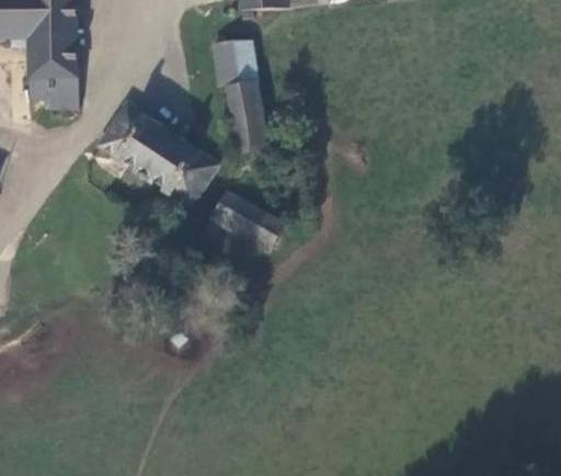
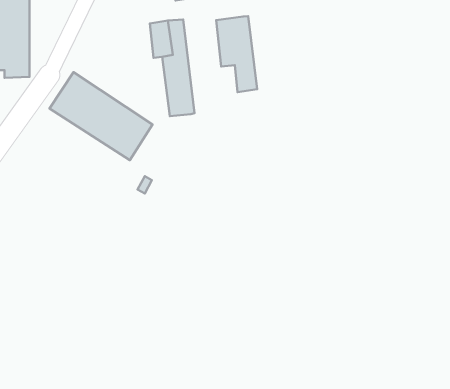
building: none -> [216,16,257,92]
building: [210,191,284,251] -> none

